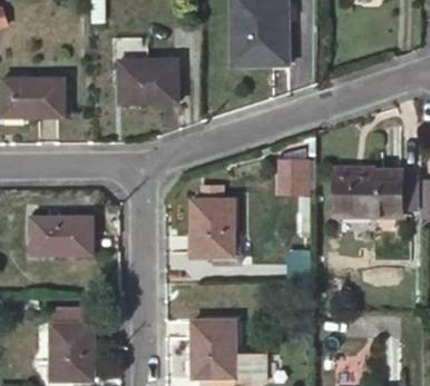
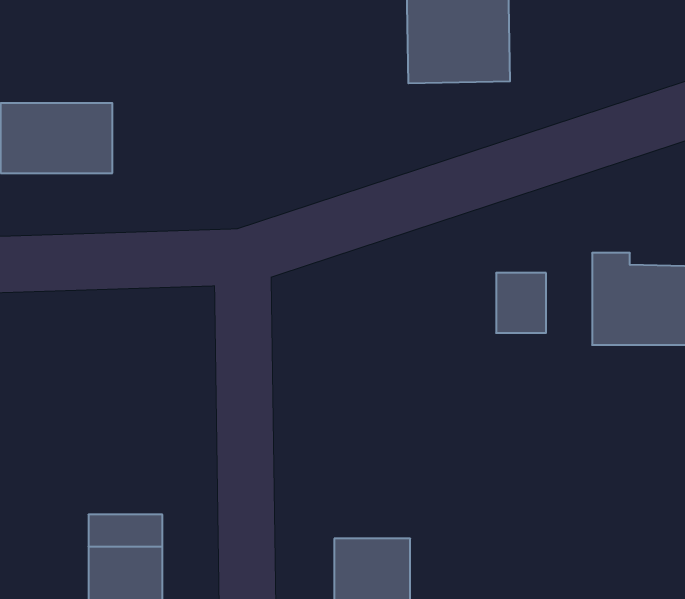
building: [121,60,178,103] -> none
building: [189,200,237,267] -> none
building: [30,217,94,256] -> none

